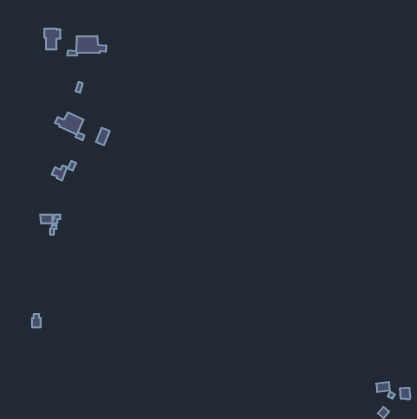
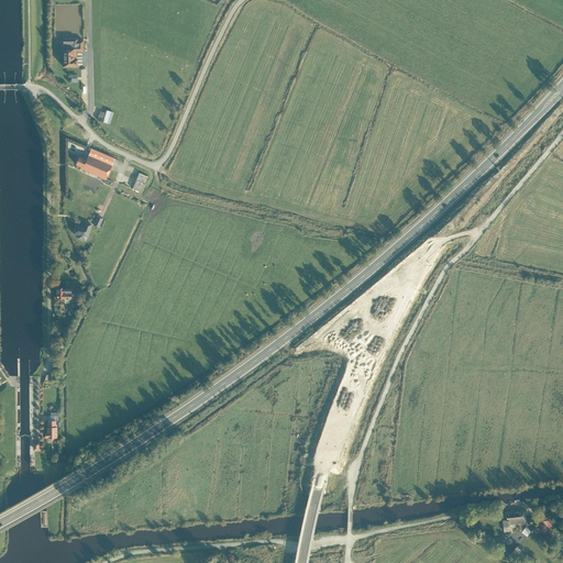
building: [68,36,106,56] -> none

